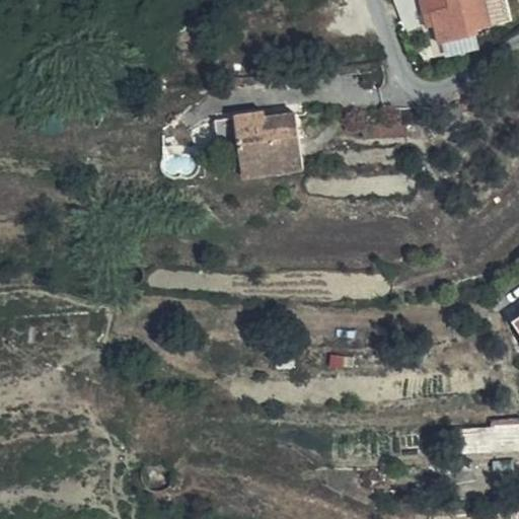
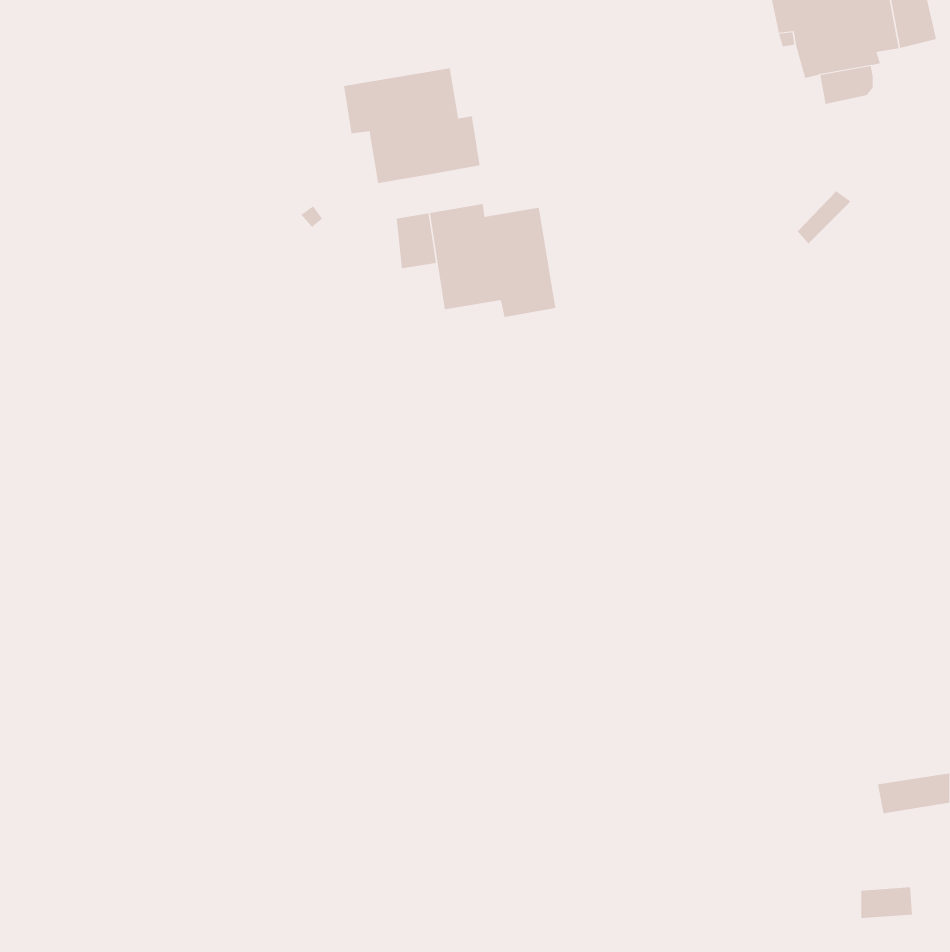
building: none -> [344,68,480,184]

